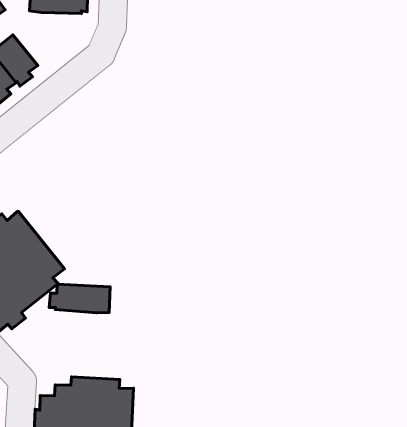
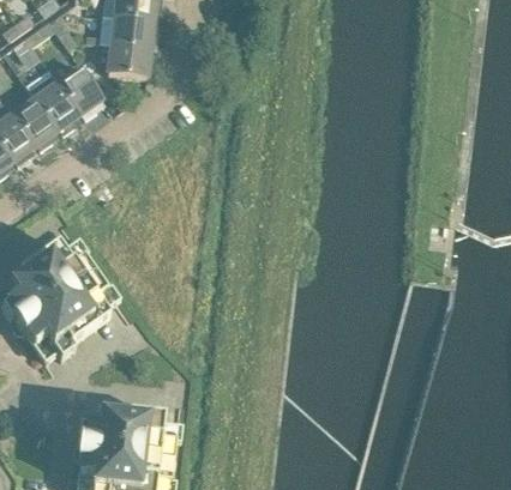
building: none -> [103,42,145,73]
building: [49,284,110,313] -> none

